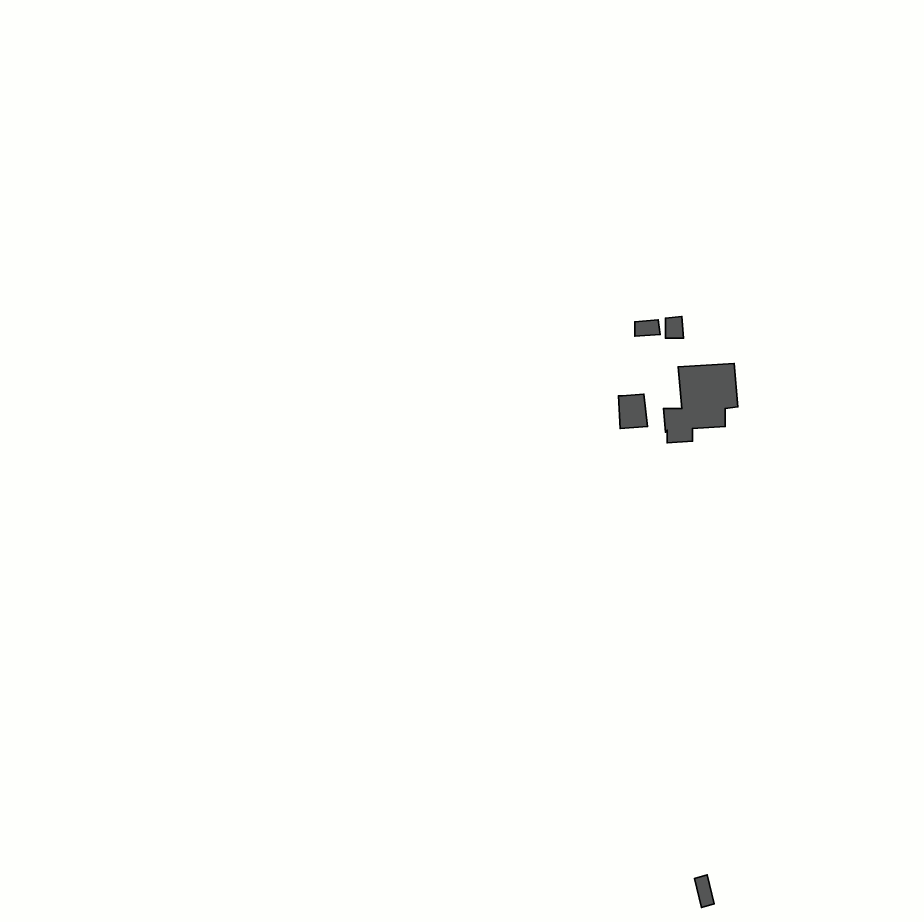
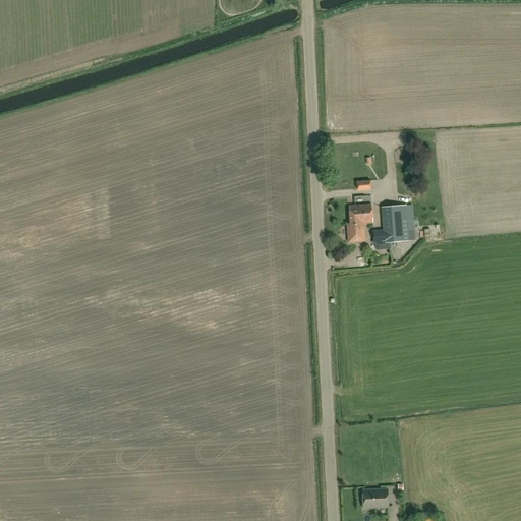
building: none -> [349,204,372,223]
building: none -> [363,488,387,507]

